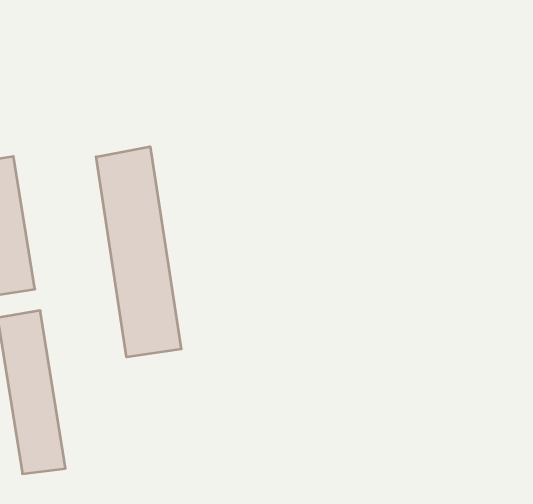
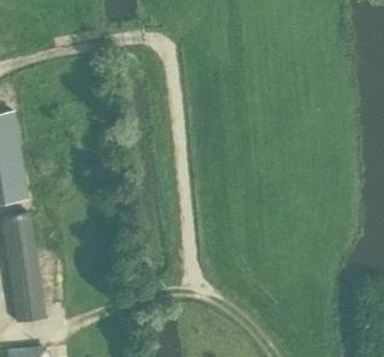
building: [96,147,181,357] -> none

